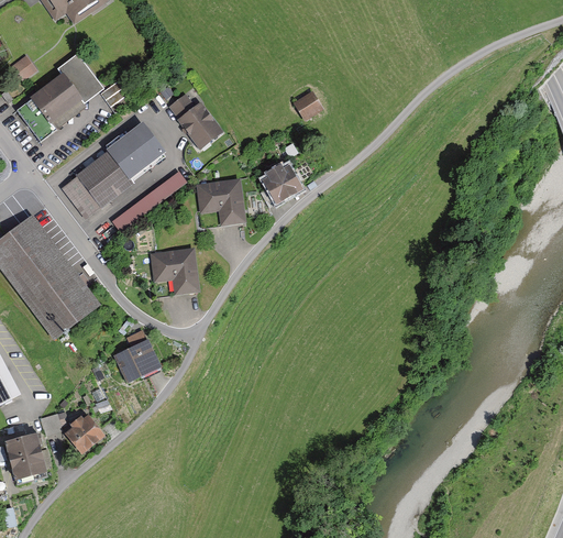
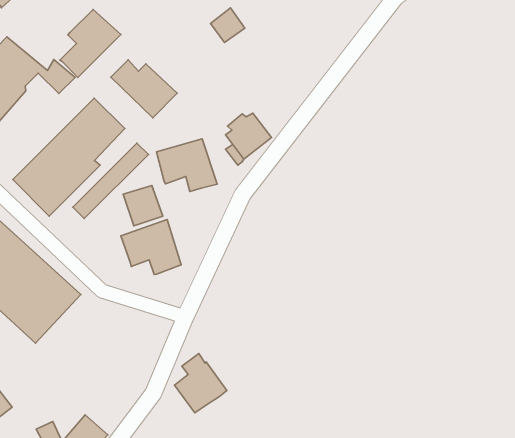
building: none -> [60,10,121,78]
building: [292,91,323,122] -> [210,8,245,42]
building: none -> [123,185,163,226]
building: [113,330,161,384] -> [174,353,227,413]

